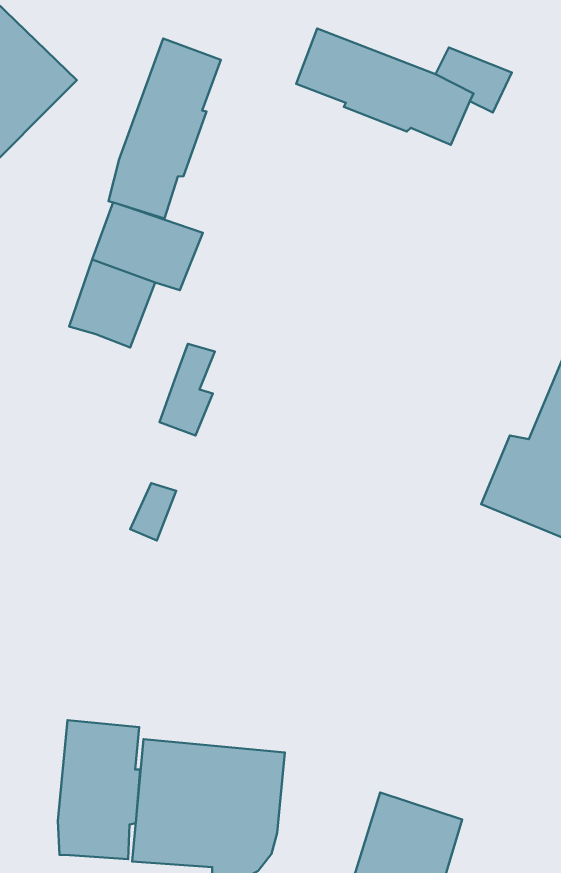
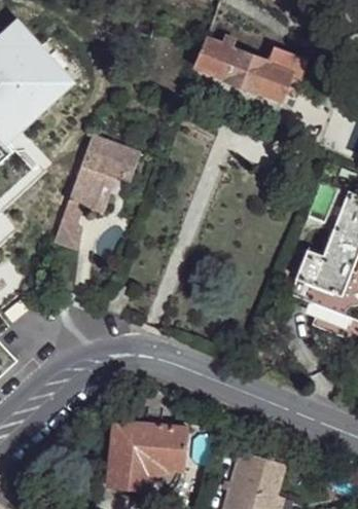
building: [108,38,221,218] -> none
building: [159,344,215,435] -> [57,201,86,250]
building: [58,720,140,859] -> none

